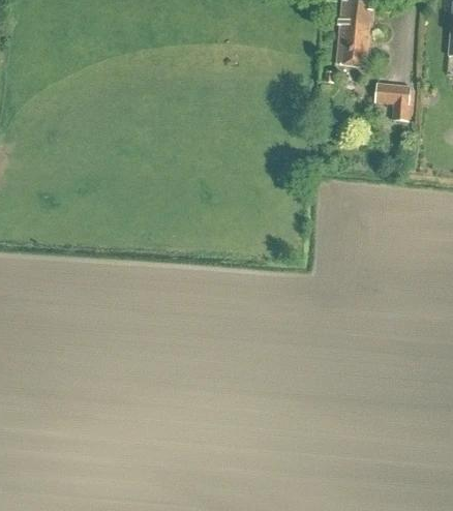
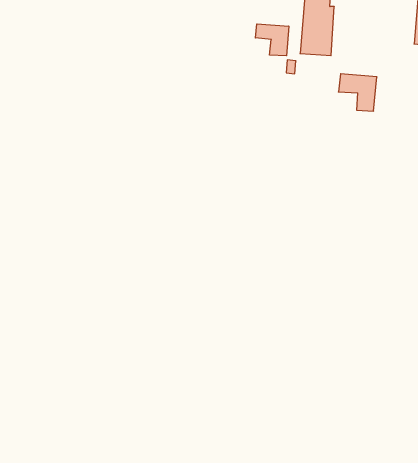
building: none -> [255,24,289,56]

